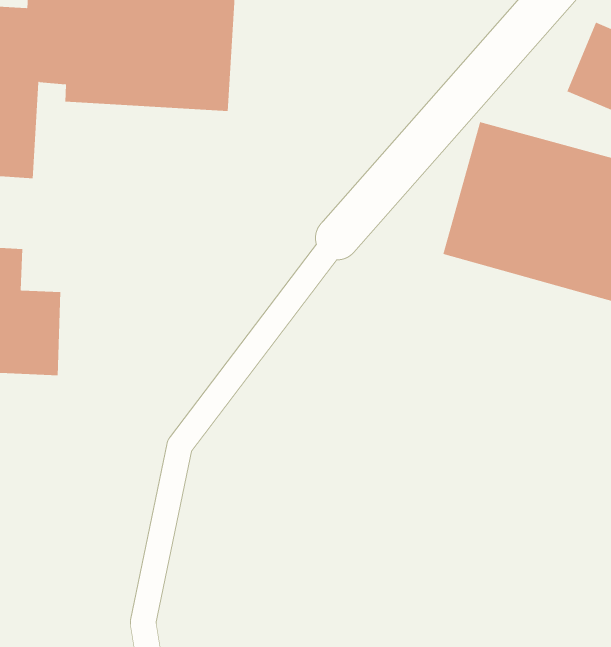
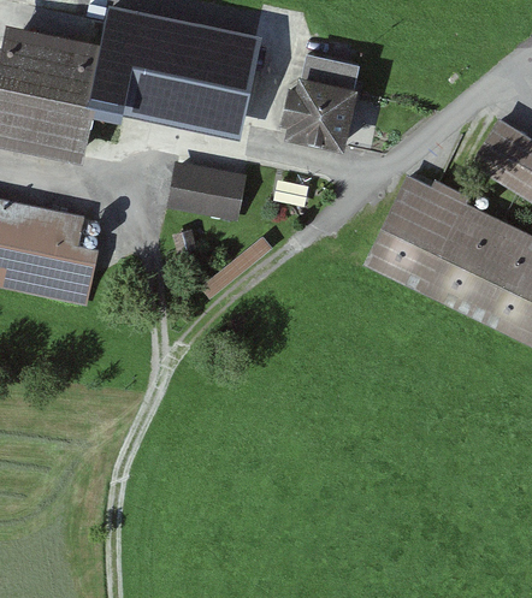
building: none -> [284,72,361,149]
building: none -> [161,159,241,220]

